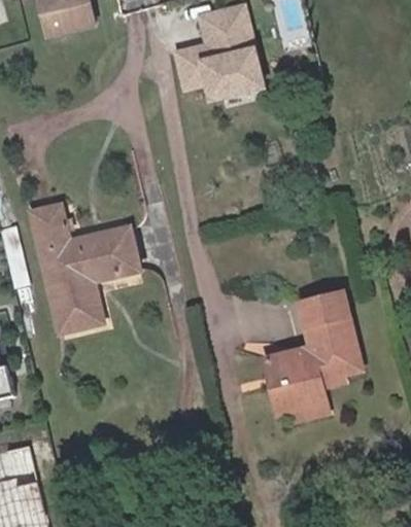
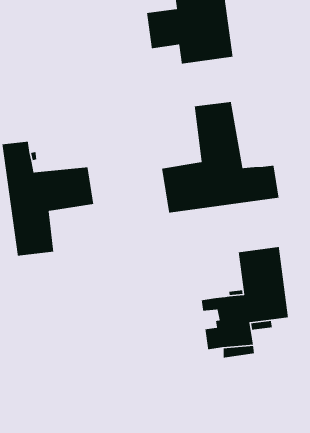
building: none -> [161,101,280,214]

